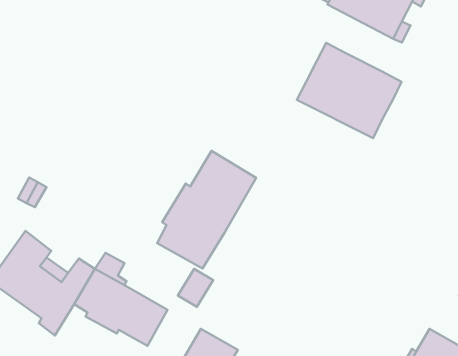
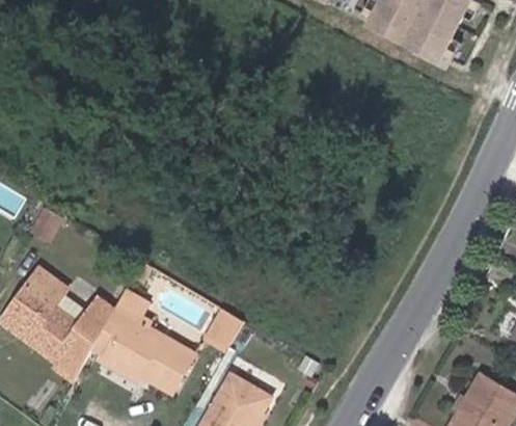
building: [297,43,402,138] -> none
building: [157,151,256,268] -> none

